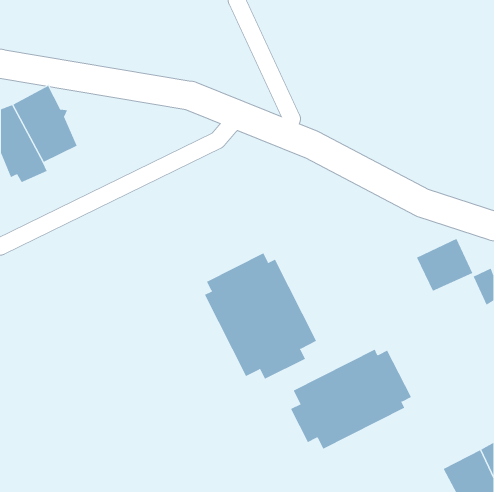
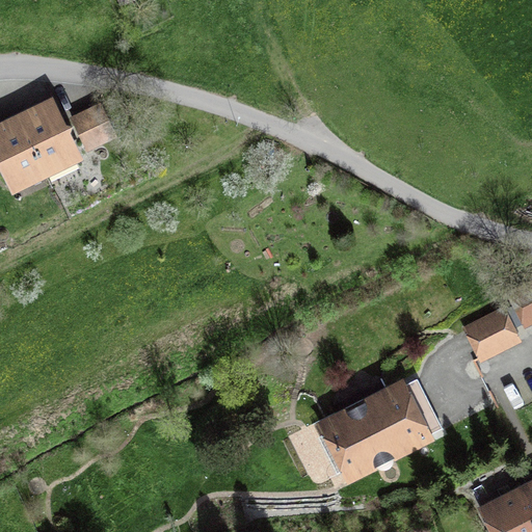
building: none -> [76,107,118,151]
building: [416,238,473,291] -> [461,307,523,364]
building: [204,253,317,379] -> none

